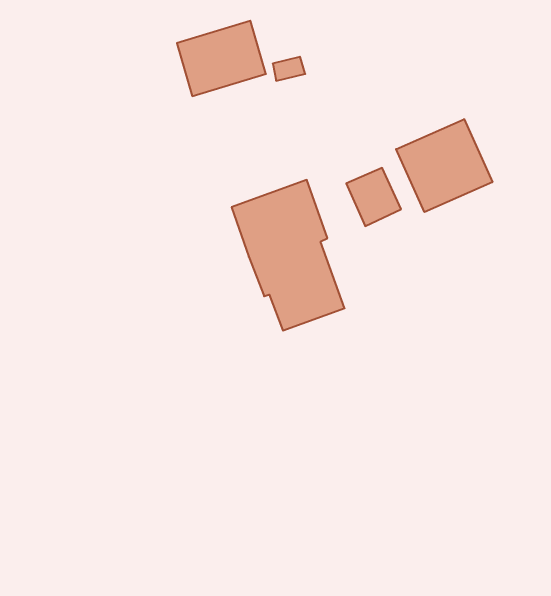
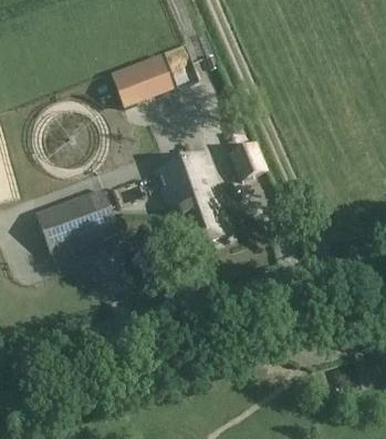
building: [396,119,492,212] -> none
building: none -> [35,188,118,255]

